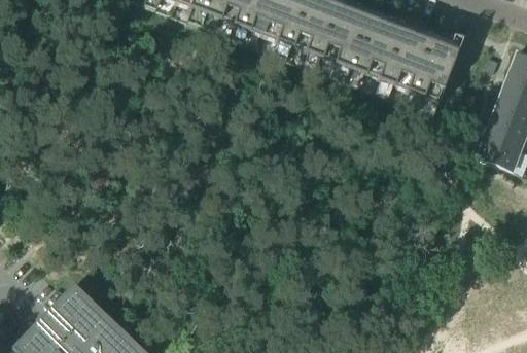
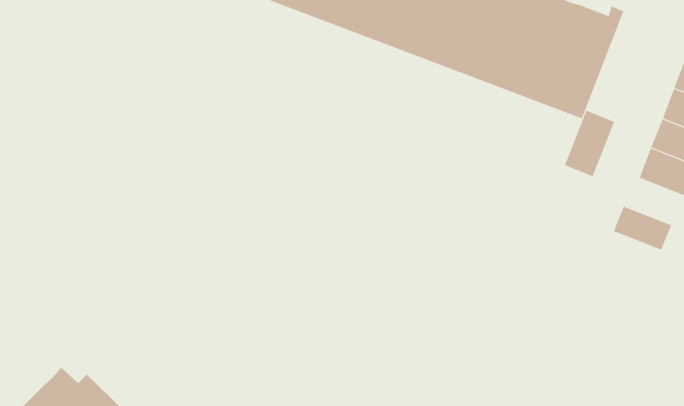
building: none -> [564,110,615,177]
building: none -> [613,206,672,250]

